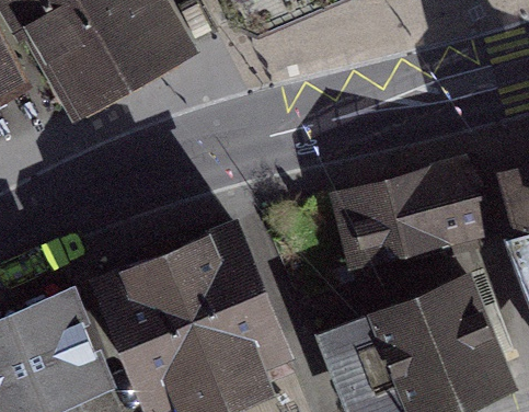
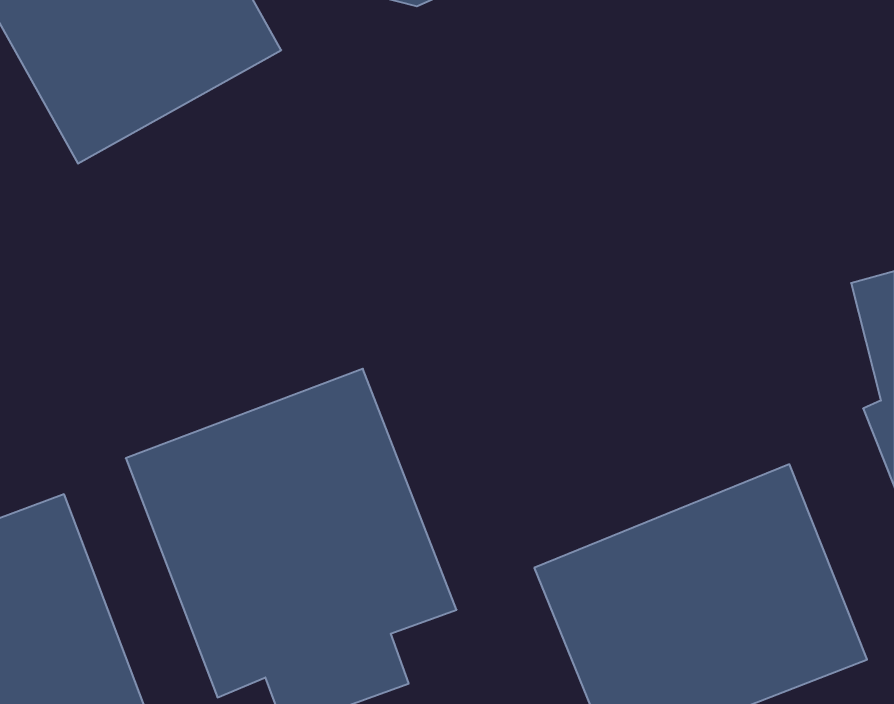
building: [346,153,487,264] -> none

